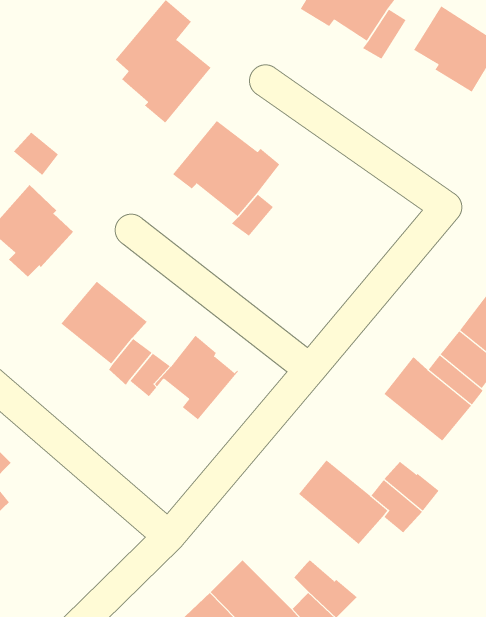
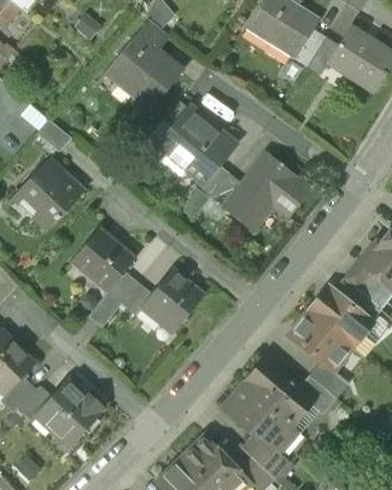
building: none -> [223,154,309,228]
building: none -> [288,313,351,372]
building: none -> [35,378,100,443]
building: none -> [224,386,292,450]

